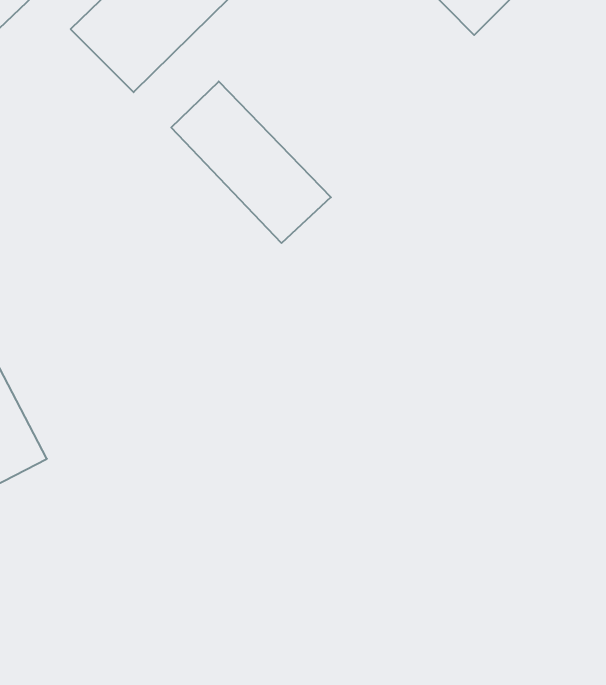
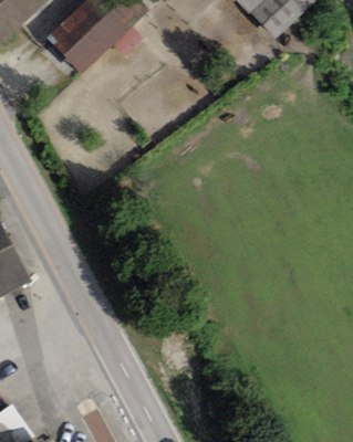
building: [171,81,331,243] -> none

